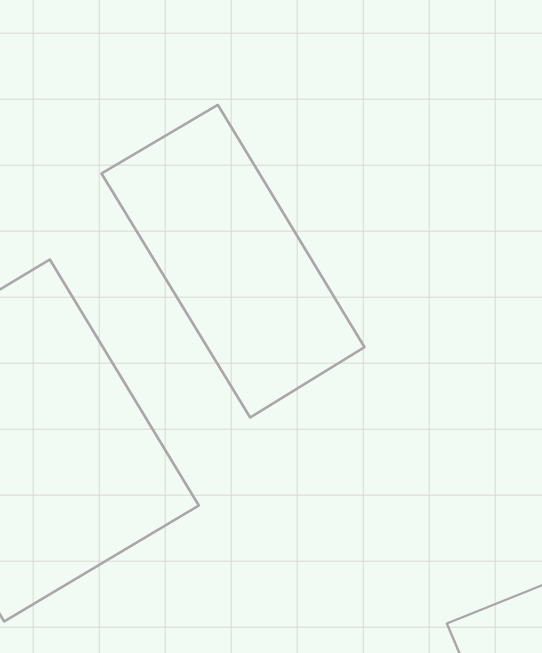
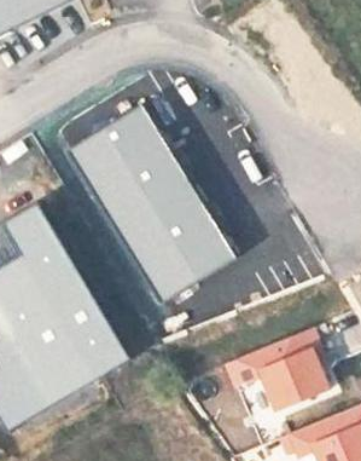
building: none -> [231,327,330,415]

